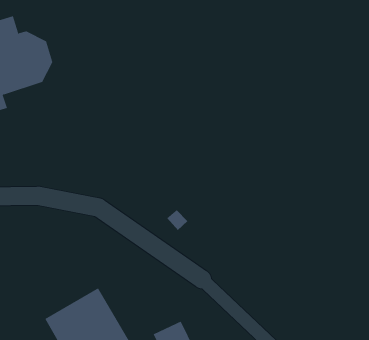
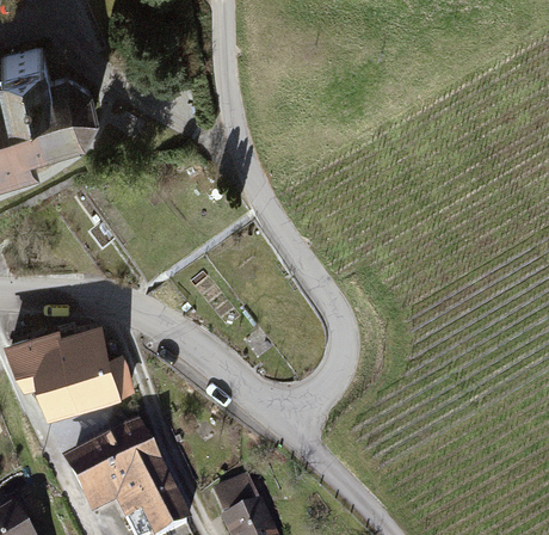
building: none -> [20,321,129,416]

